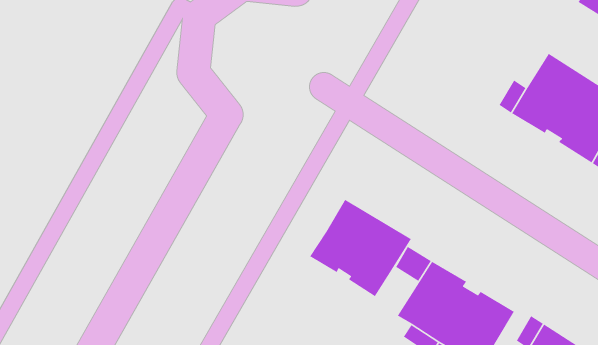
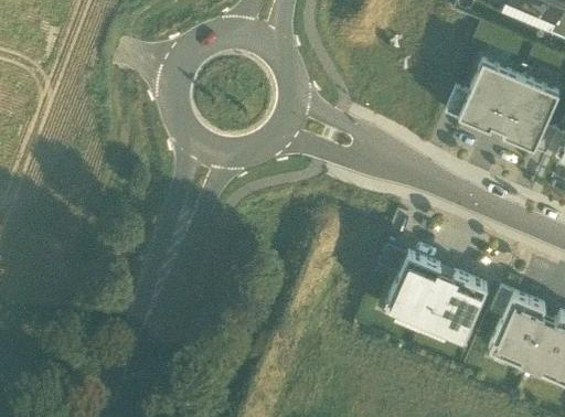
building: [309,199,412,297] -> none

